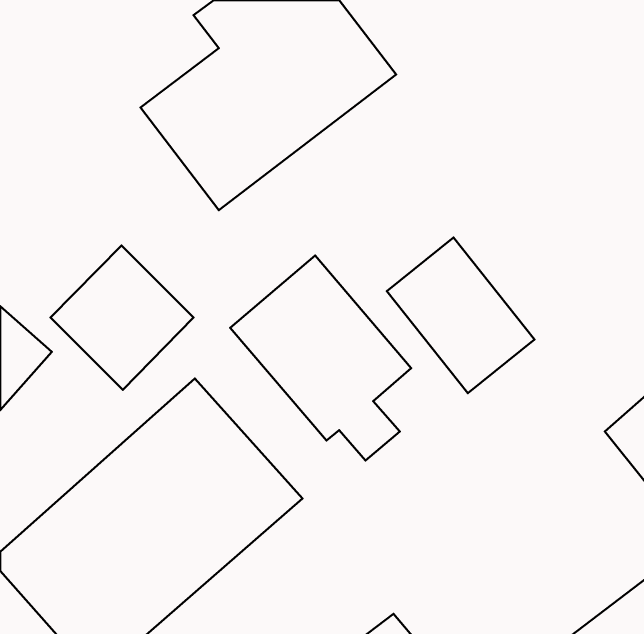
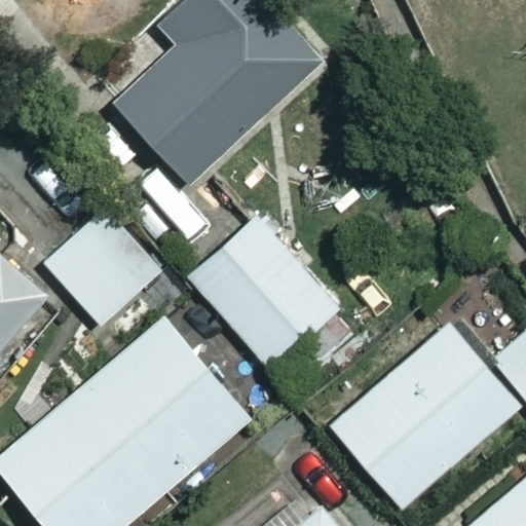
building: [387,237,535,393] -> none
building: none -> [331,325,517,504]

